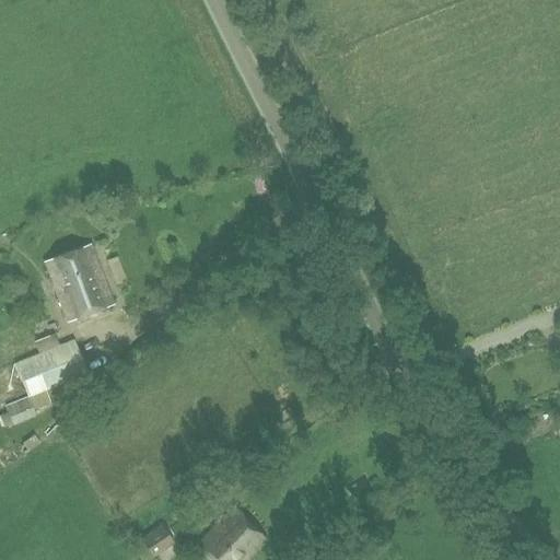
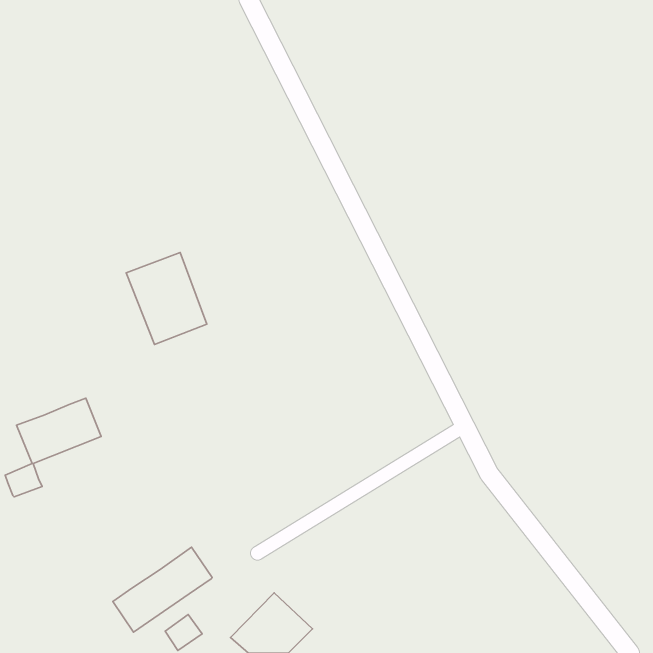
building: [45,243,114,322] -> [126,252,207,345]
building: none -> [113,547,212,632]

